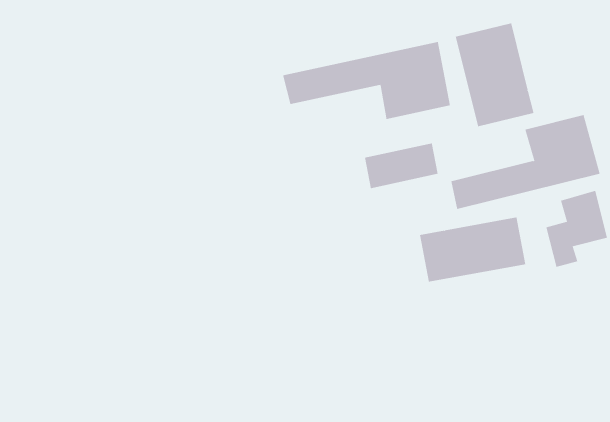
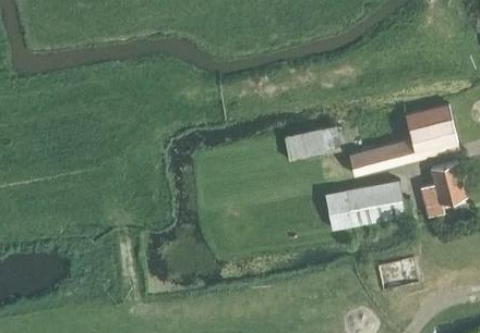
building: [455,22,534,127] -> none
building: [283,41,450,120] -> none

